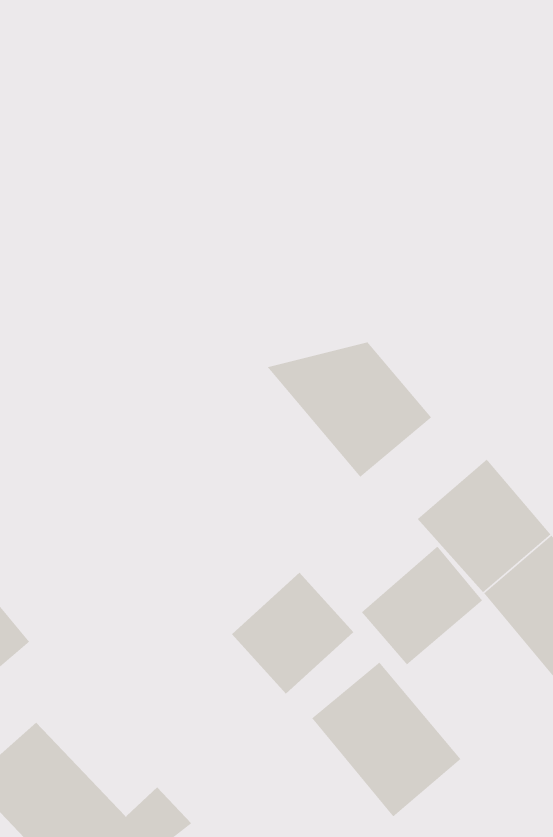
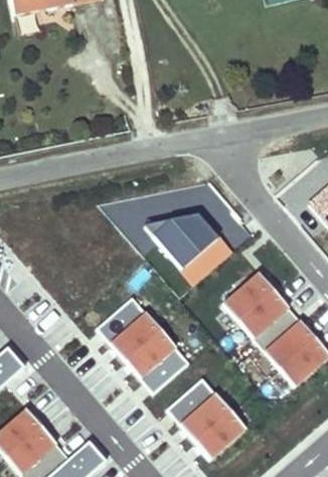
building: none -> [97,297,163,362]
building: [361,546,483,665] -> none

